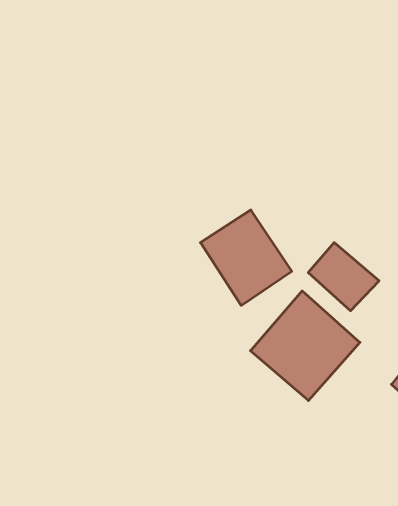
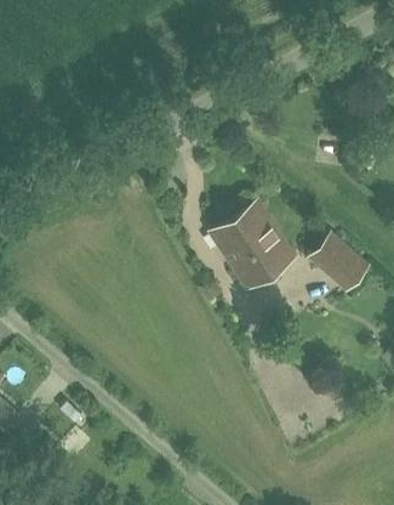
building: [250,291,360,401] -> none

